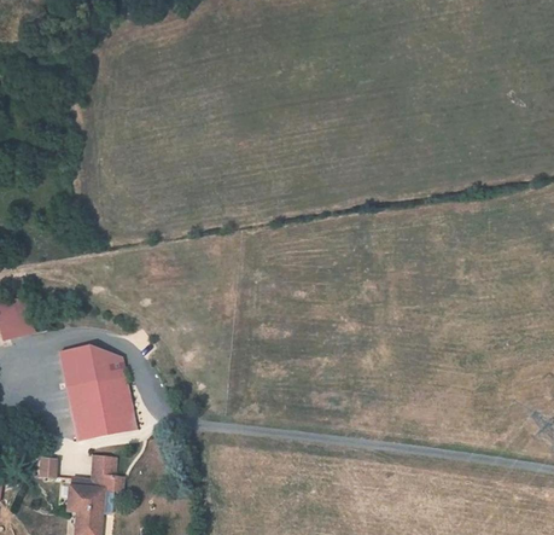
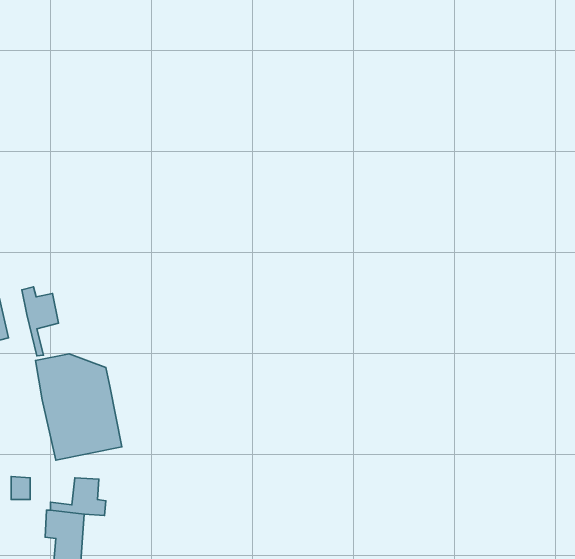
building: none -> [22,287,58,356]

